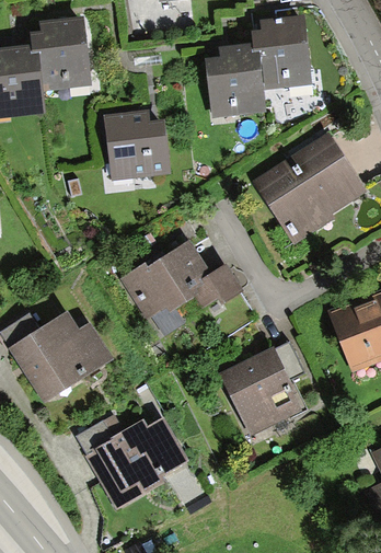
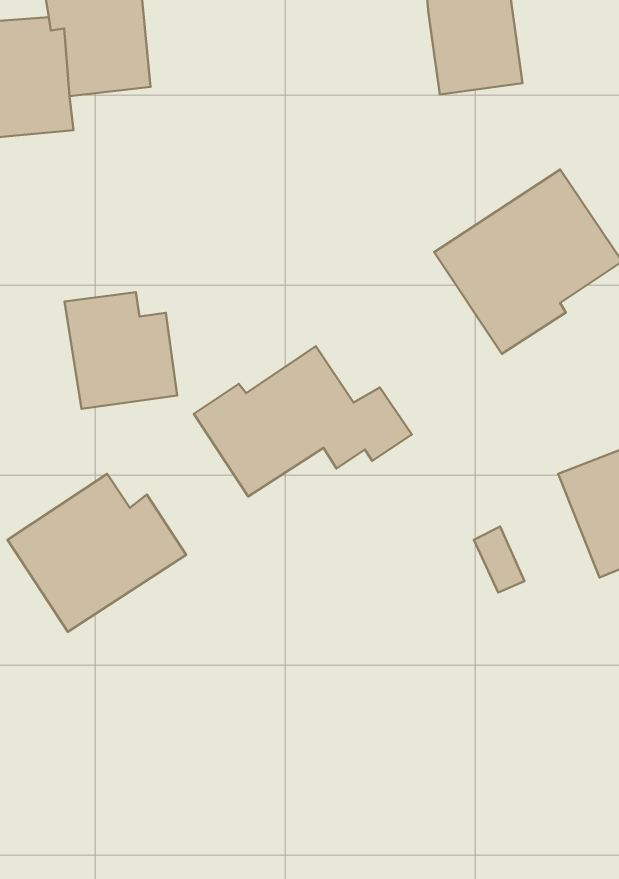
building: [206,43,262,115] -> none
building: [103,110,169,177] -> [64,292,177,409]
building: [217,345,304,438] -> none
building: [73,416,187,509] -> none

